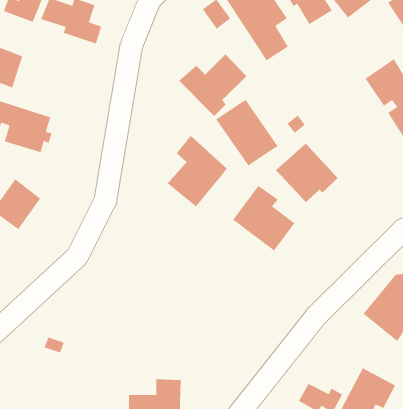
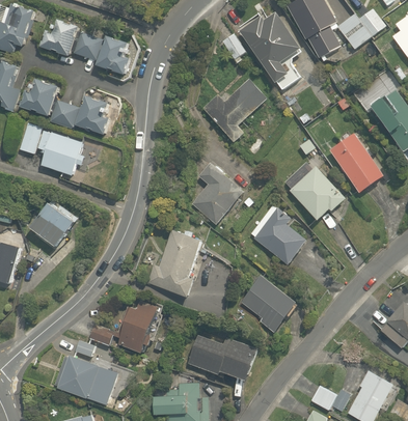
building: none -> [51,94,109,134]
building: [215,99,279,167] -> [328,130,386,192]
building: none -> [147,230,201,296]
building: none -> [240,274,296,332]
building: none -> [90,300,159,352]
building: none -> [185,334,260,383]
building: none -> [56,353,119,403]

